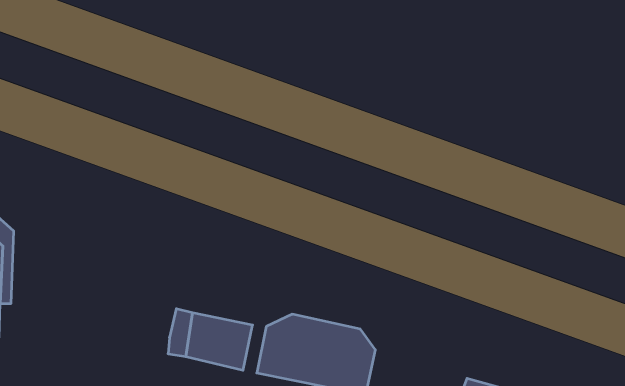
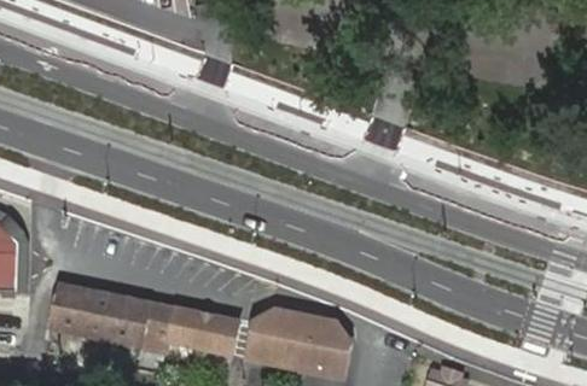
building: none -> [46,283,147,350]

